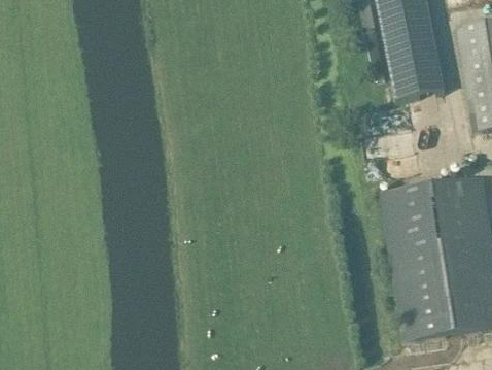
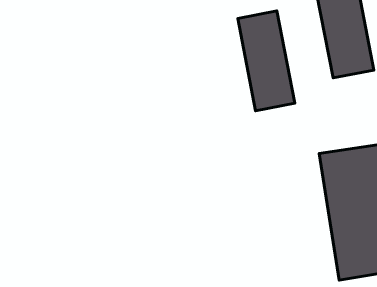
building: none -> [238,11,295,111]

